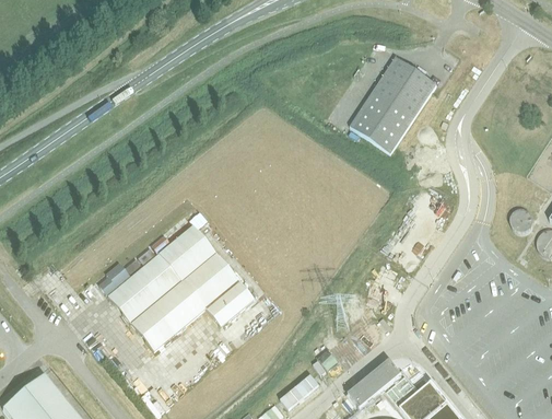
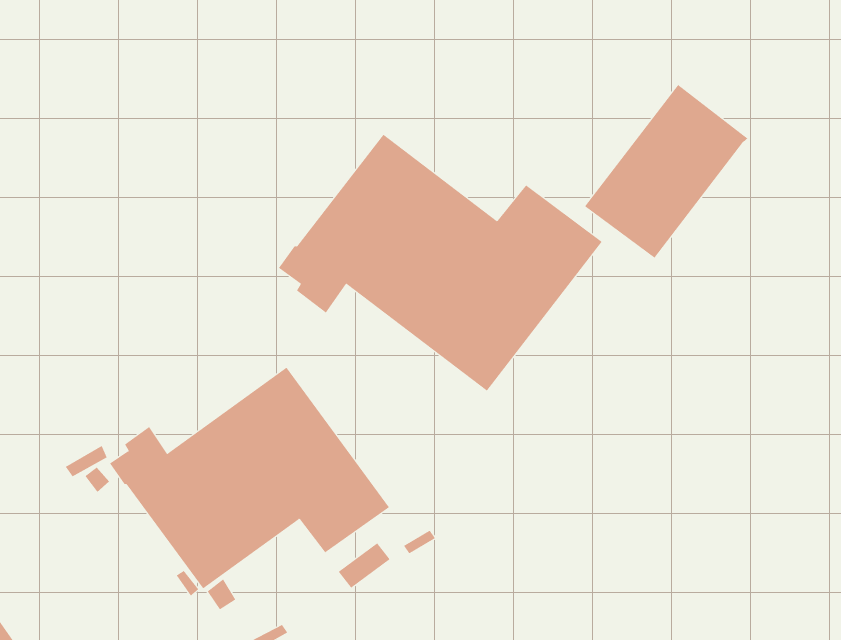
building: none -> [278,134,603,392]

